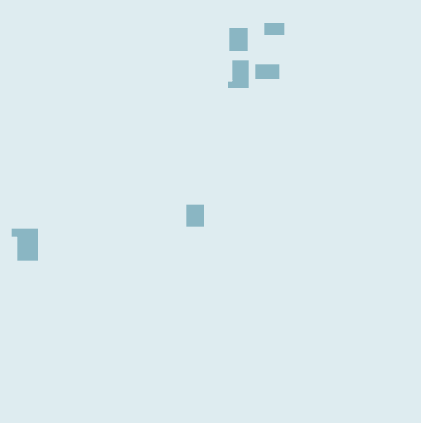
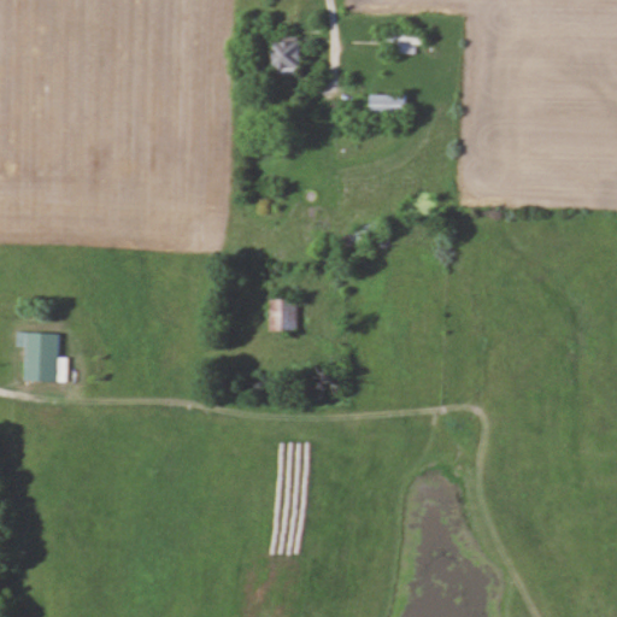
building: [229,27,249,51] -> [272,39,301,74]
building: [228,60,249,89] -> none

